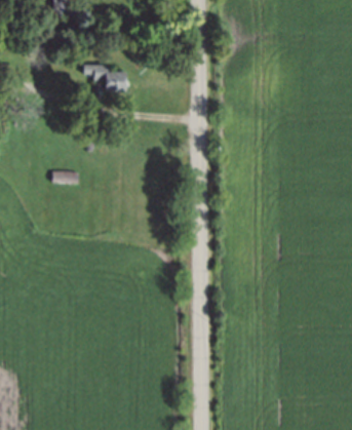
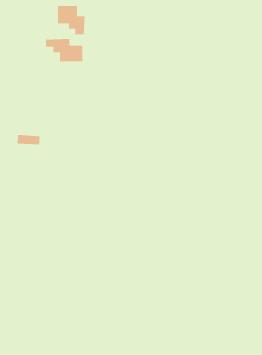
building: none -> [57,5,86,35]

